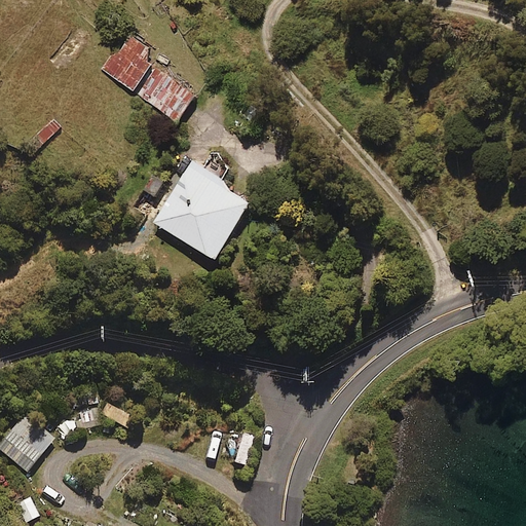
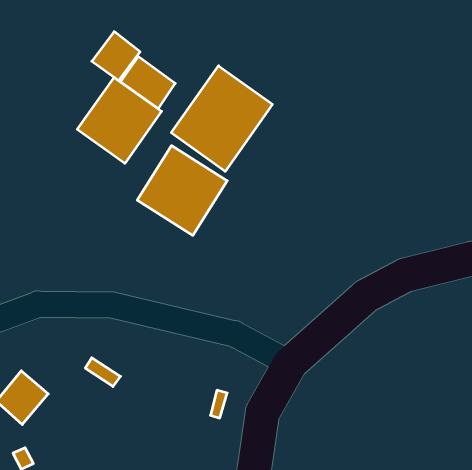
building: none -> [171,66,272,171]
building: none -> [77,77,162,163]

